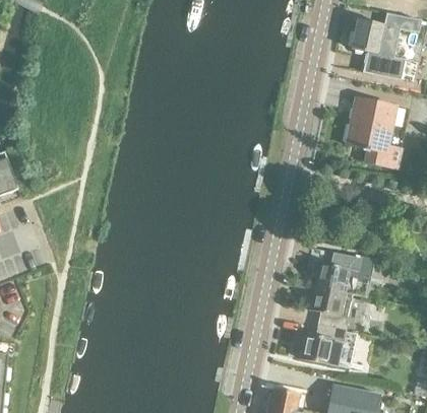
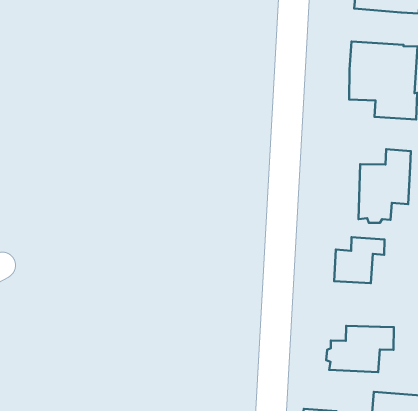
building: none -> [358,149,411,223]
building: [307,289,351,332] -> none

